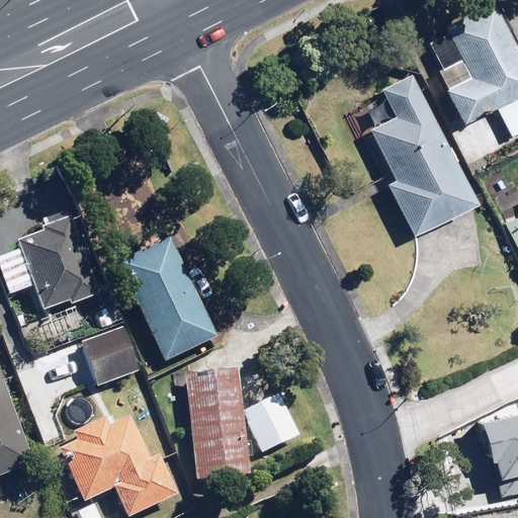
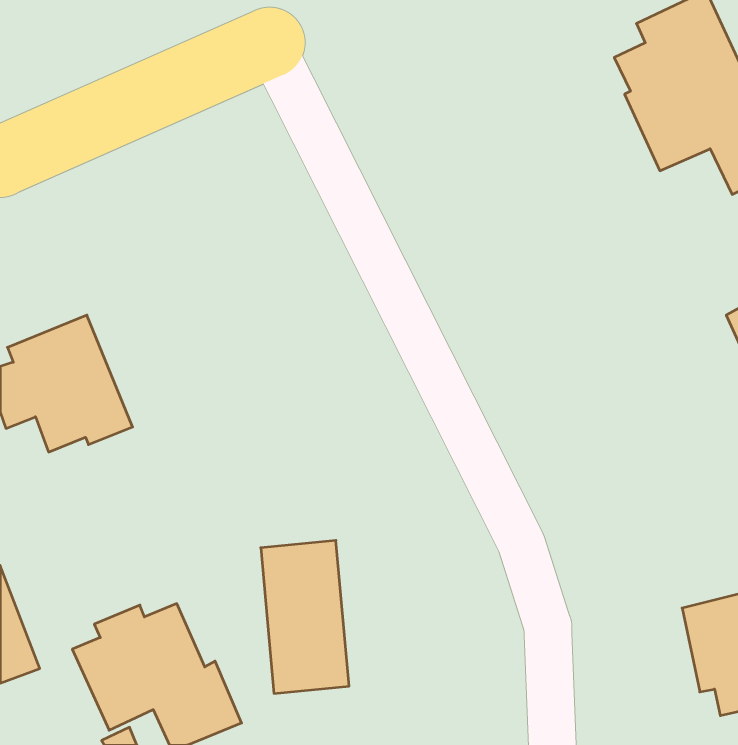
building: [369,72,473,231] -> none
building: [120,239,219,362] -> none
building: [82,326,140,386] -> none
building: [248,395,301,452] -> none

